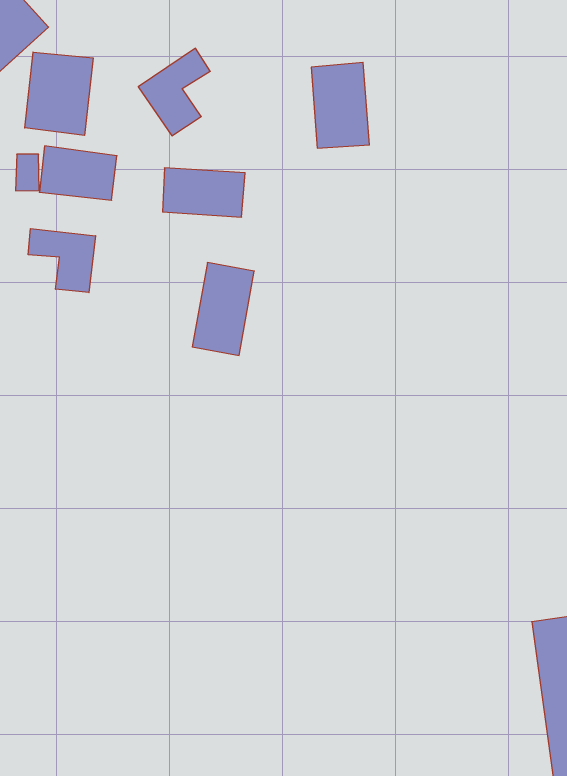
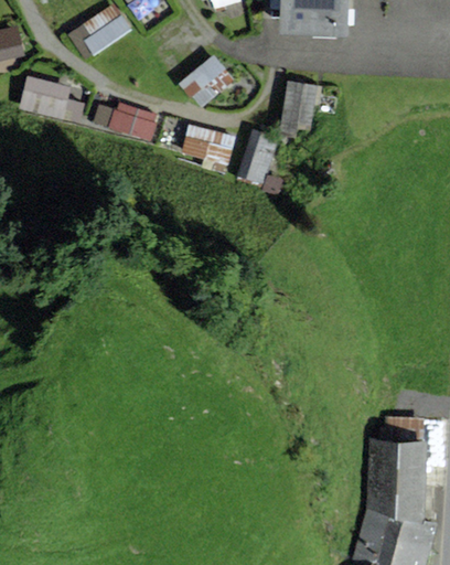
building: [25,52,93,135] -> none
building: [28,229,96,293] -> none
building: [192,263,254,355] -> [236,128,281,188]

